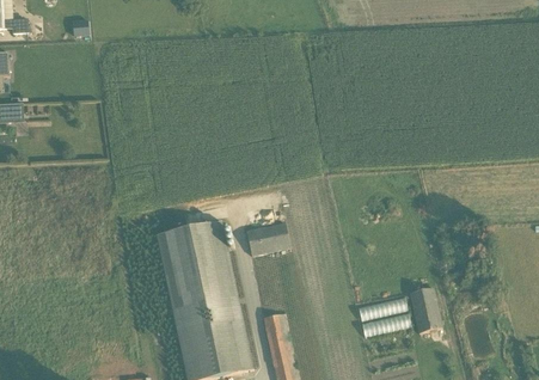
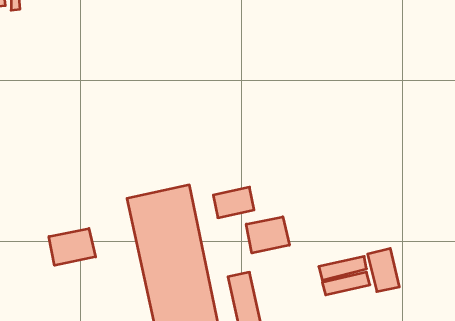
building: none -> [246,217,289,253]
building: none -> [49,228,96,265]

